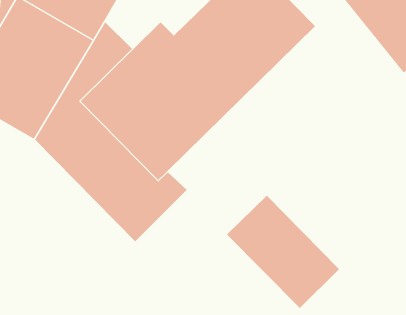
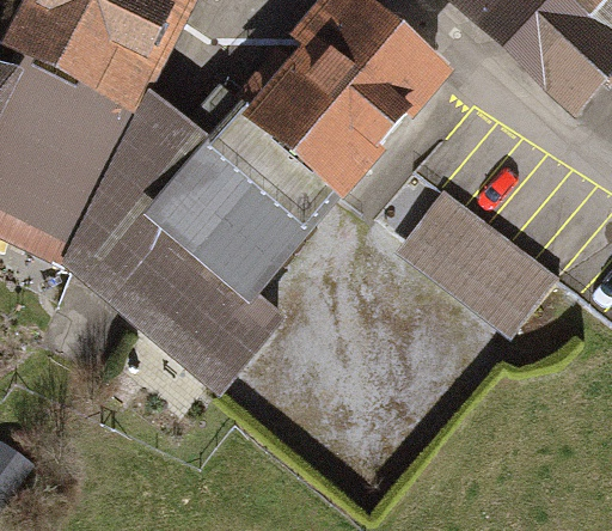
building: [226,195,340,309] -> [386,184,550,338]

